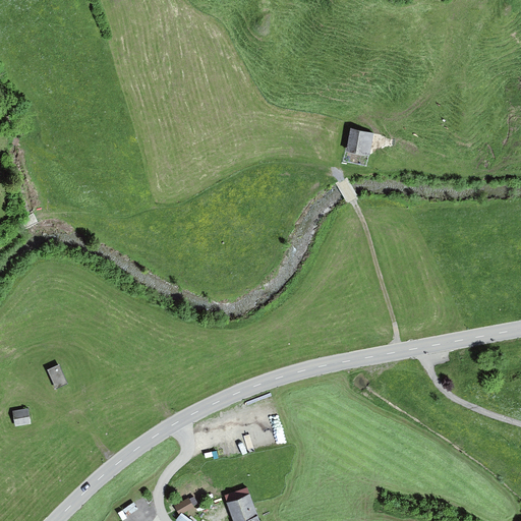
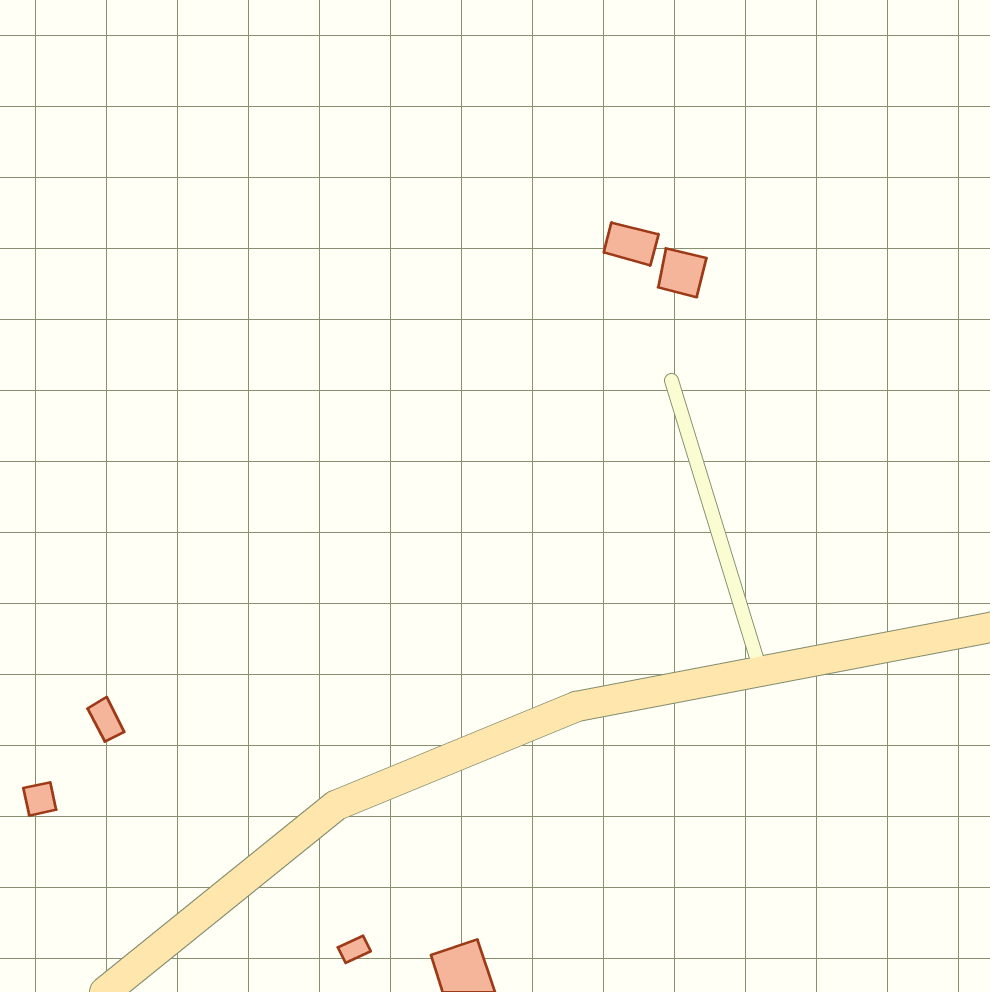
building: none -> [604,222,658,266]

